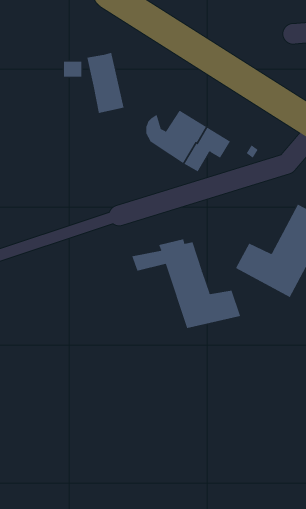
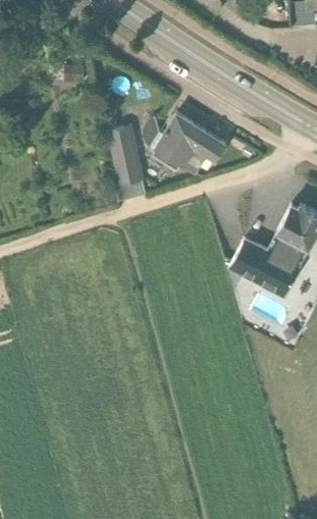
building: [86,52,124,114] -> [107,125,144,185]
building: [132,239,241,329] -> none

